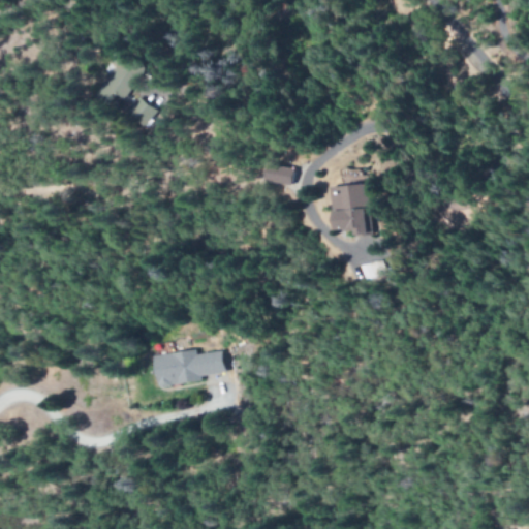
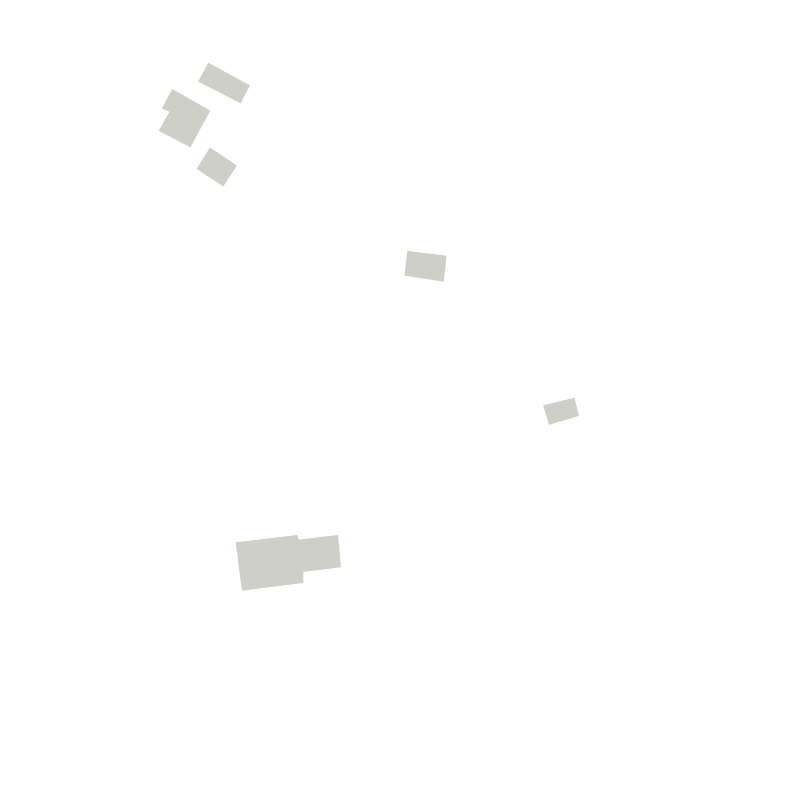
building: none -> [197,62,251,104]
building: [331,184,369,236] -> none

